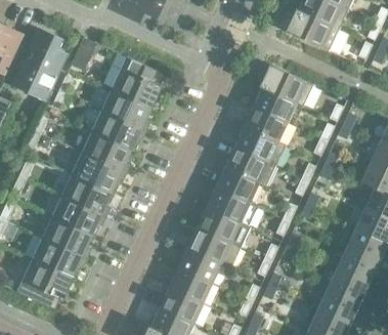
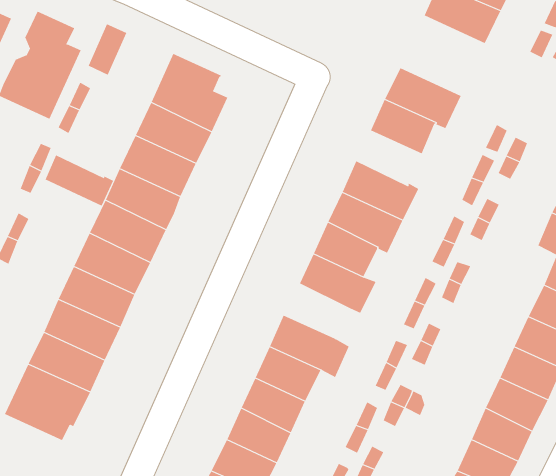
building: [245,107,288,142] -> none
building: none -> [45,154,114,207]
building: [198,206,241,242] -> none

